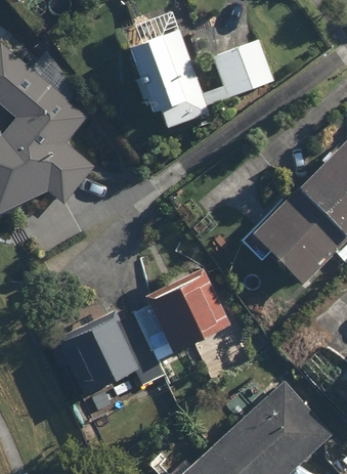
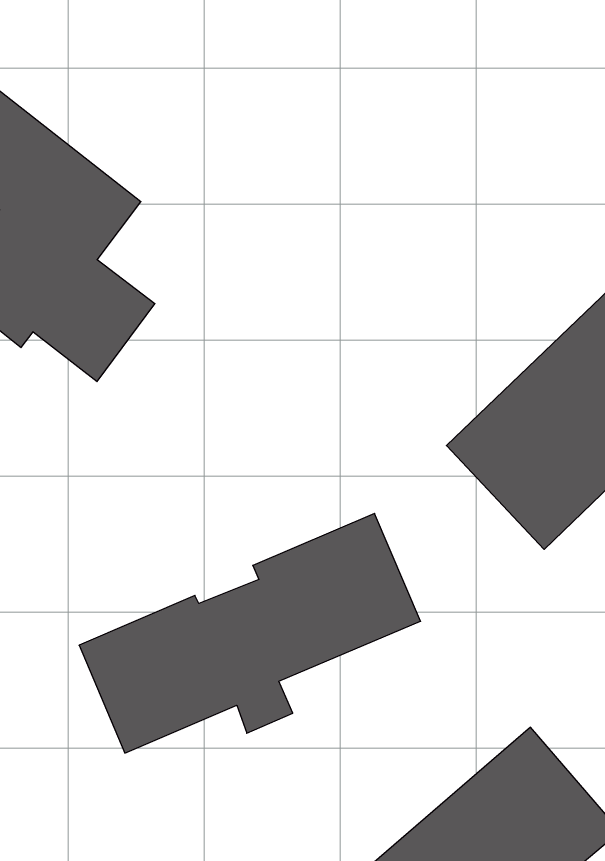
building: [122,31,275,129] -> none

